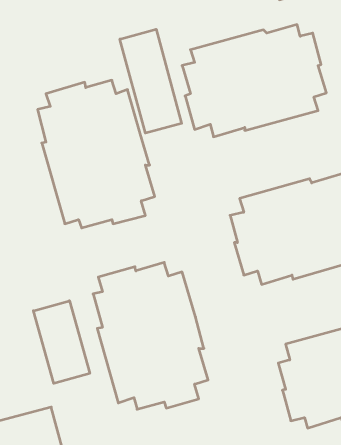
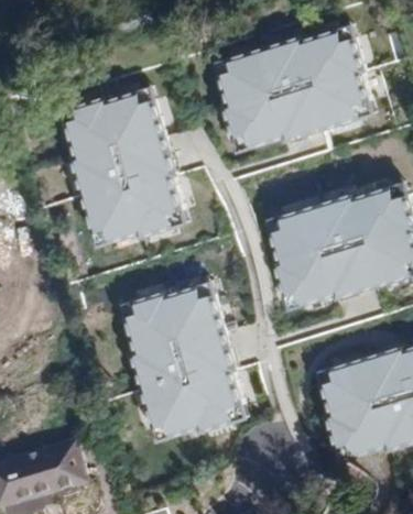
building: [120,29,182,133] -> none
building: [33,301,90,383] -> none

